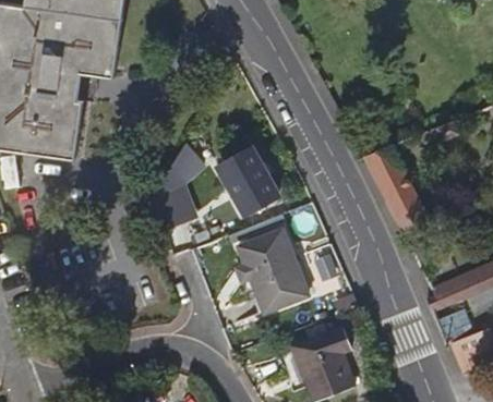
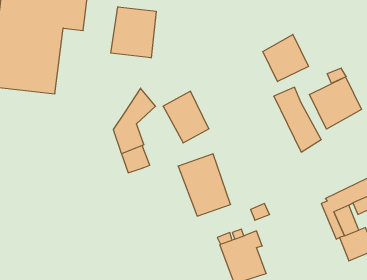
building: none -> [111,7,156,58]
building: none -> [263,34,308,82]
building: none -> [309,77,362,129]

